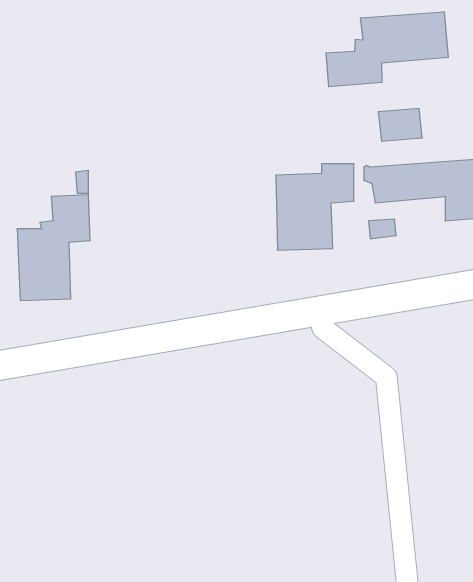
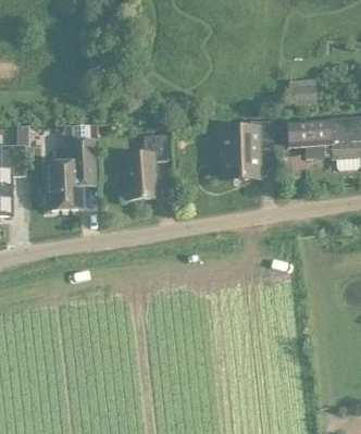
building: [326,12,448,87] -> none
building: none -> [124,135,169,200]

